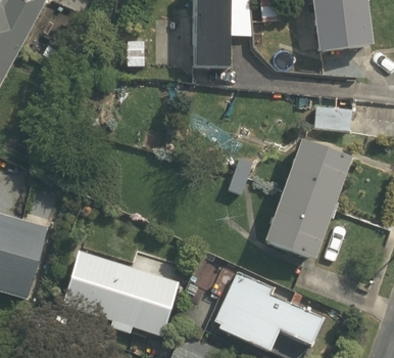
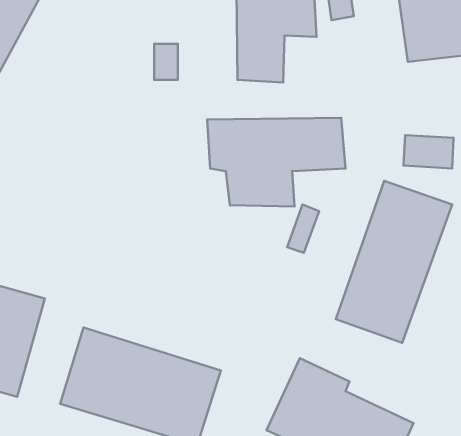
building: none -> [207,118,346,207]

